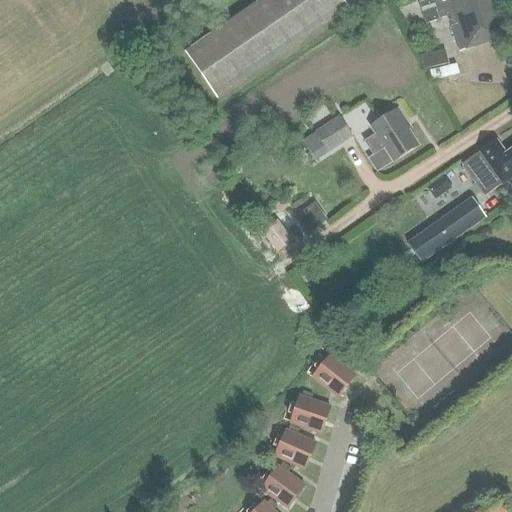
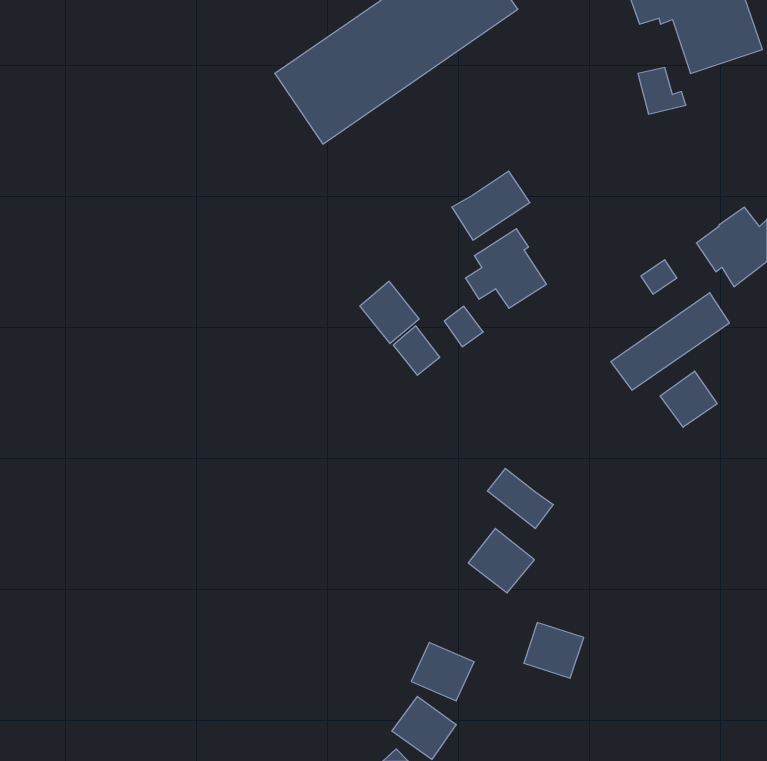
building: [364,106,418,159] -> [465,229,547,308]
building: none -> [360,281,419,344]
building: none -> [660,371,717,427]
building: none -> [487,468,553,529]
building: [290,394,330,431] -> [524,623,584,678]

